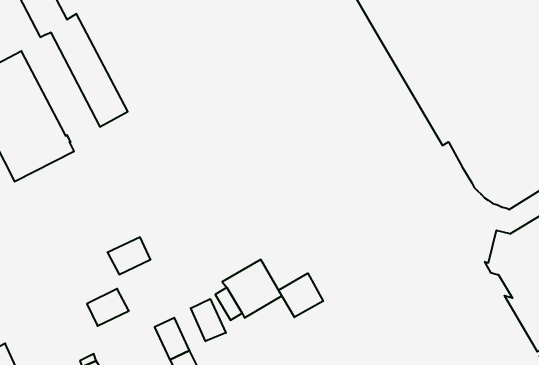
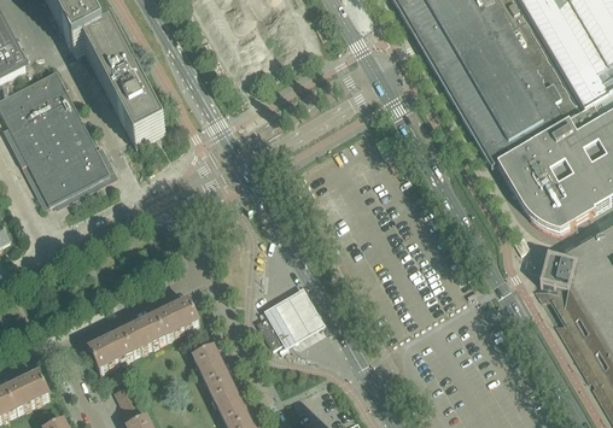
building: [107,237,151,274] -> [156,295,200,334]
building: [279,273,323,317] -> none
building: [191,299,226,341] -> none
building: none -> [89,327,135,368]

